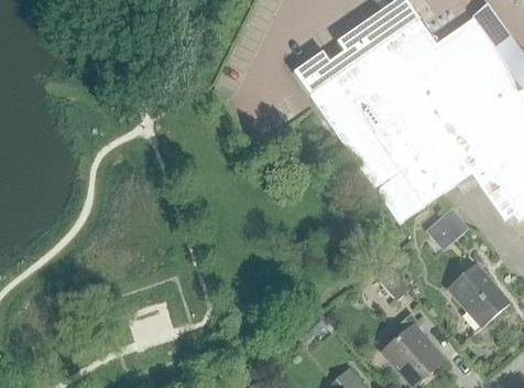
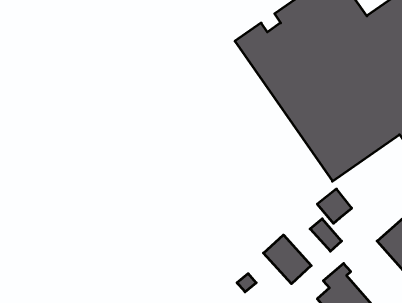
building: [432,206,469,244] -> [317,189,352,223]
building: none -> [263,235,311,284]

